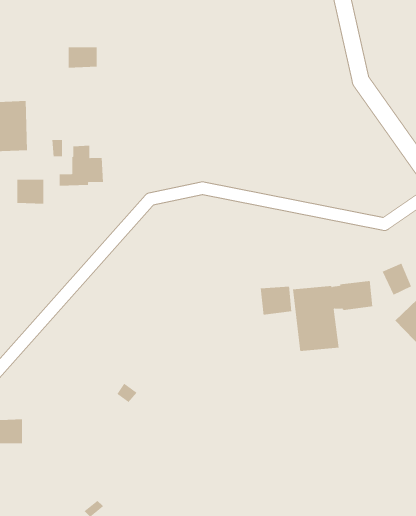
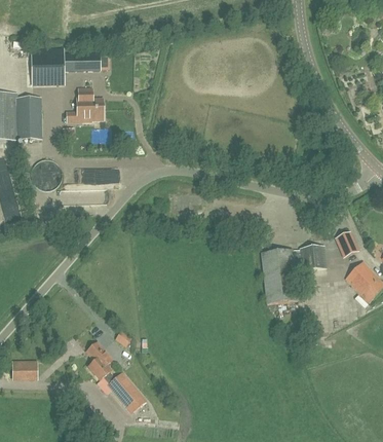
building: none -> [32,49,64,85]
building: [59,145,104,186] -> [67,88,104,122]
building: [260,286,292,316] -> none
building: none -> [86,342,142,407]

